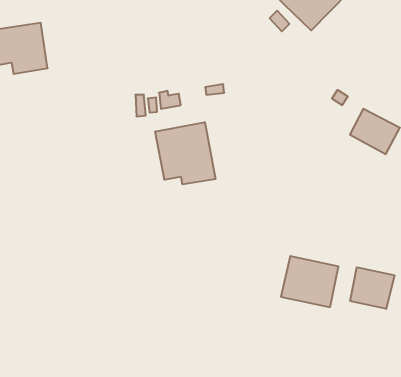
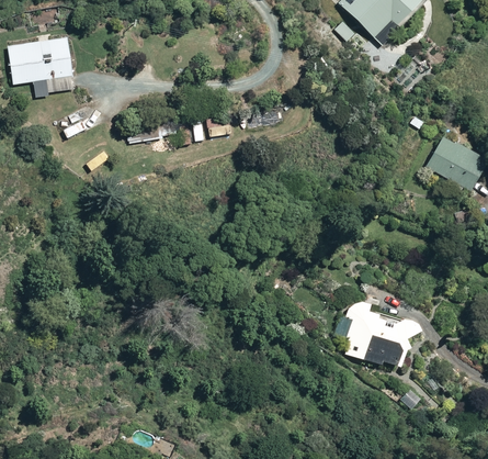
building: [155,122,216,184] -> none
building: [350,267,394,309] -> none

